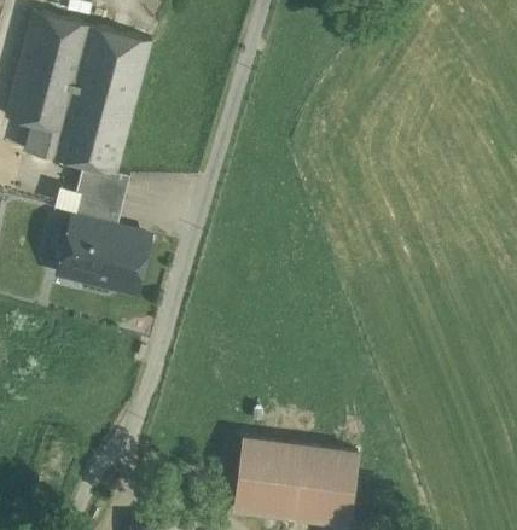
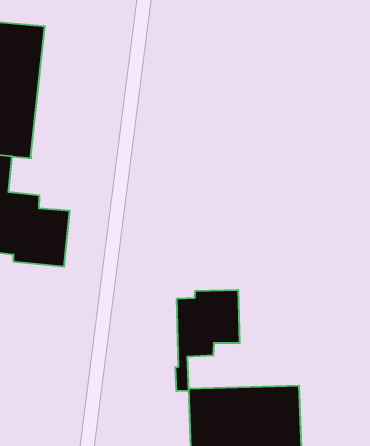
building: [87,170,129,215] -> none
building: none -> [175,290,240,391]

